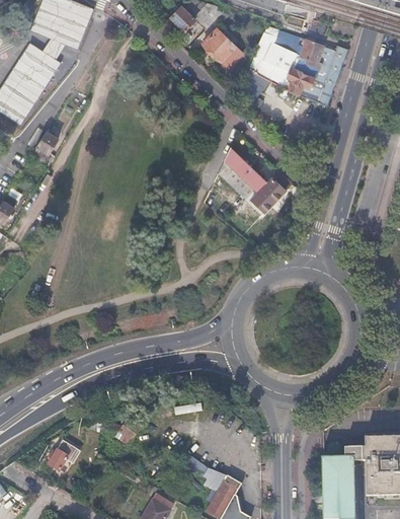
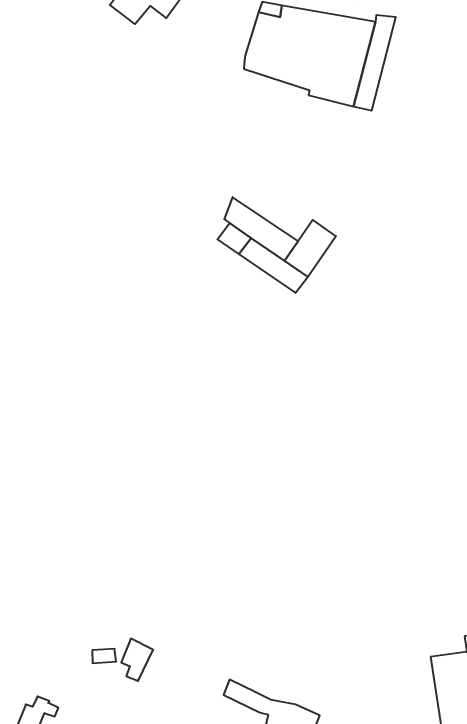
building: [204,28,236,62] -> none

